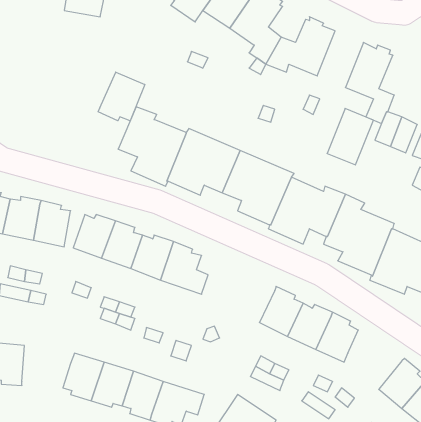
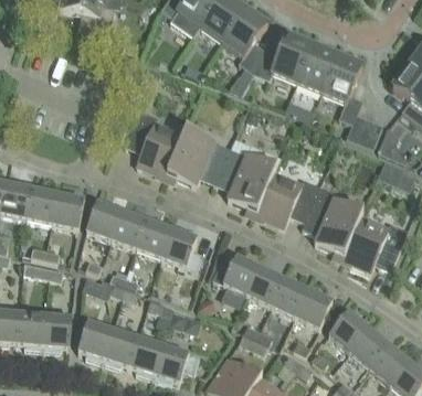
building: [98,72,145,121] -> none
building: [327,108,373,165] -> [296,44,336,93]
building: none -> [212,256,261,295]
building: none -> [328,311,371,352]
building: none -> [42,314,72,351]

